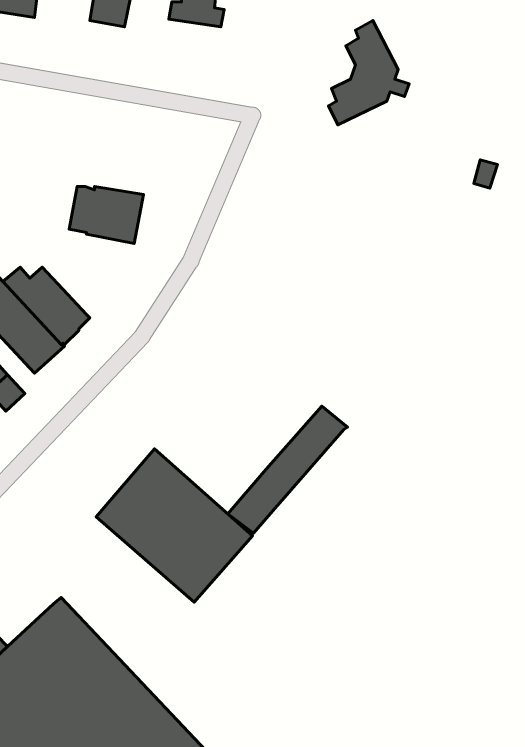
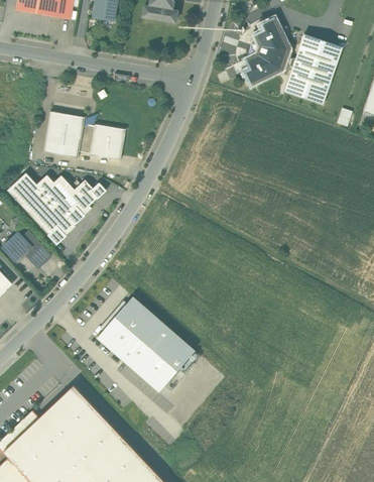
building: none -> [284,34,343,105]
building: none -> [43,111,85,157]
building: none -> [75,179,107,206]
building: [228,406,348,533] -> none

